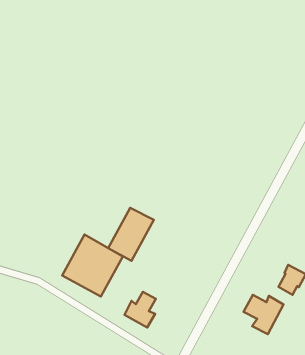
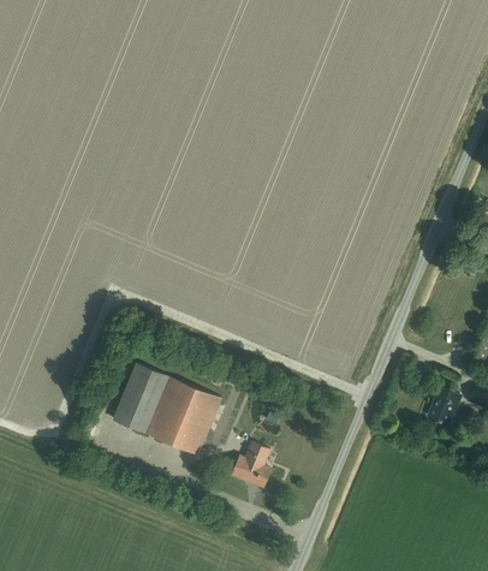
building: [108,208,154,261] -> [113,364,168,433]
building: [244,295,284,334] -> none

